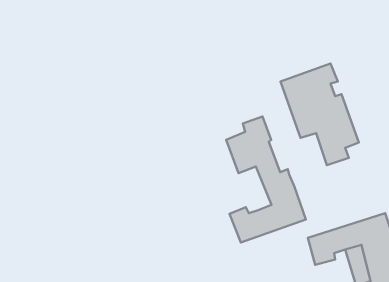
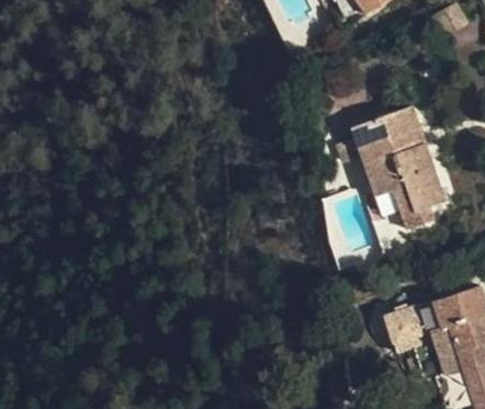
building: [226,116,306,243] -> none

